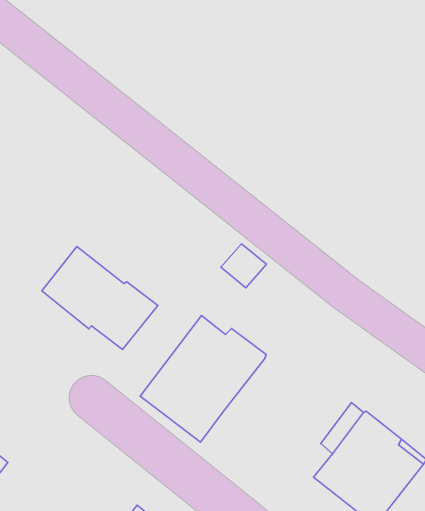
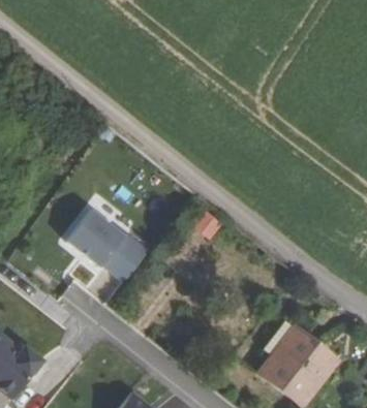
building: [140,316,266,442] -> none

